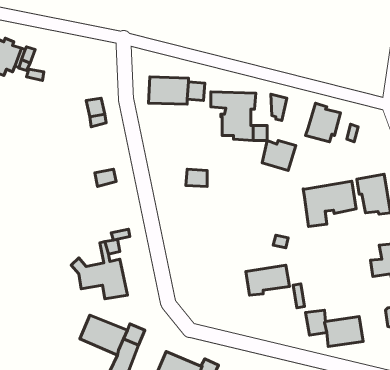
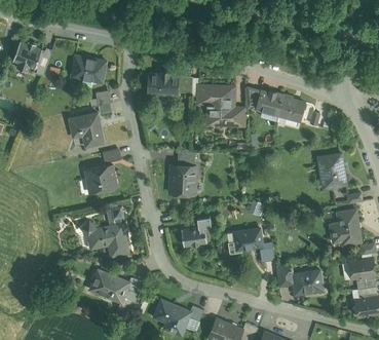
building: none -> [72,55,106,85]
building: none -> [70,113,104,146]
building: [262,140,296,170] -> [257,90,285,115]
building: [303,181,356,226] -> none
building: none -> [85,165,118,193]
building: none -> [169,165,196,194]
building: none -> [182,217,212,247]

